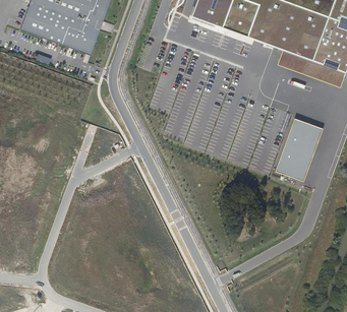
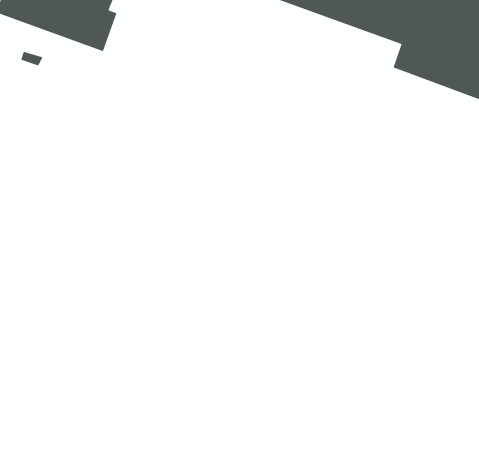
building: [277,119,323,180] -> none

